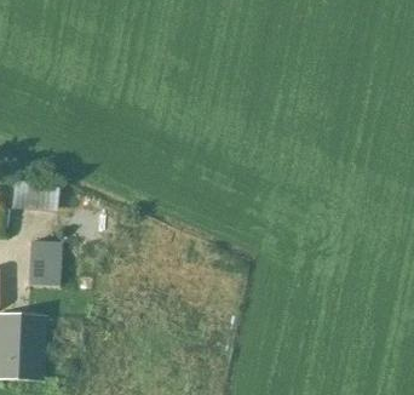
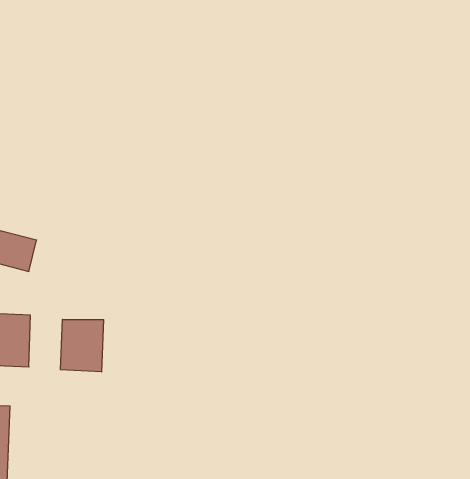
building: none -> [61,319,104,372]

